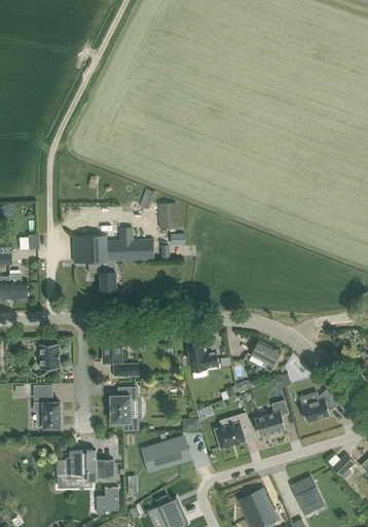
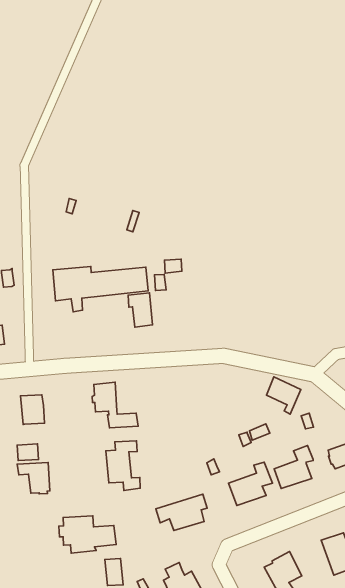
building: [157,203,177,229] -> none
building: [97,261,116,290] -> [128,293,153,327]
building: [188,346,218,371] -> none

